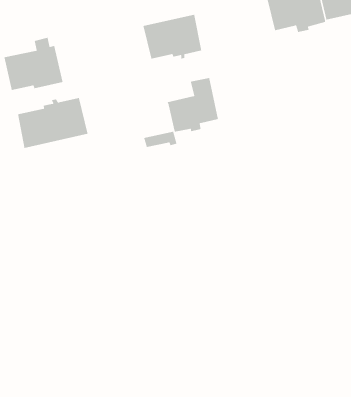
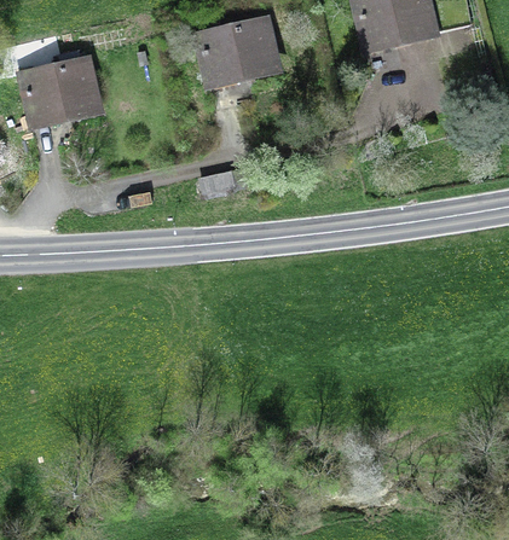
building: [167,77,219,133] -> none
building: [17,97,89,149] -> none

